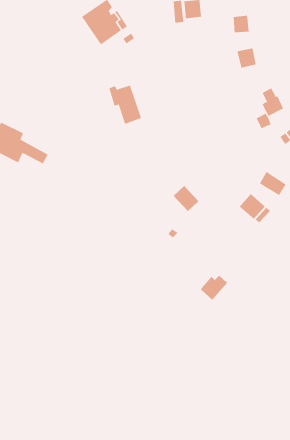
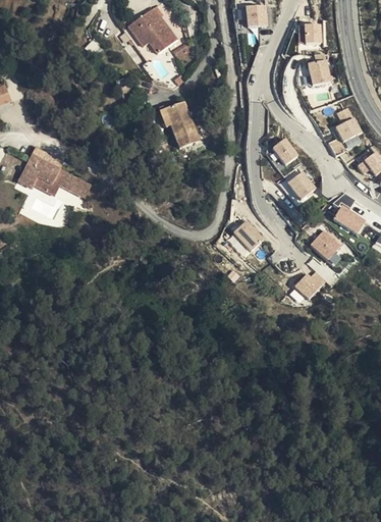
building: none -> [272,139,298,166]
building: none -> [287,172,315,200]
building: [200,275,228,300] -> [293,271,326,301]

